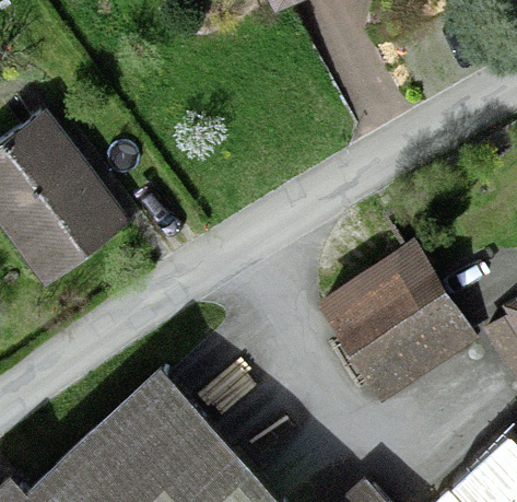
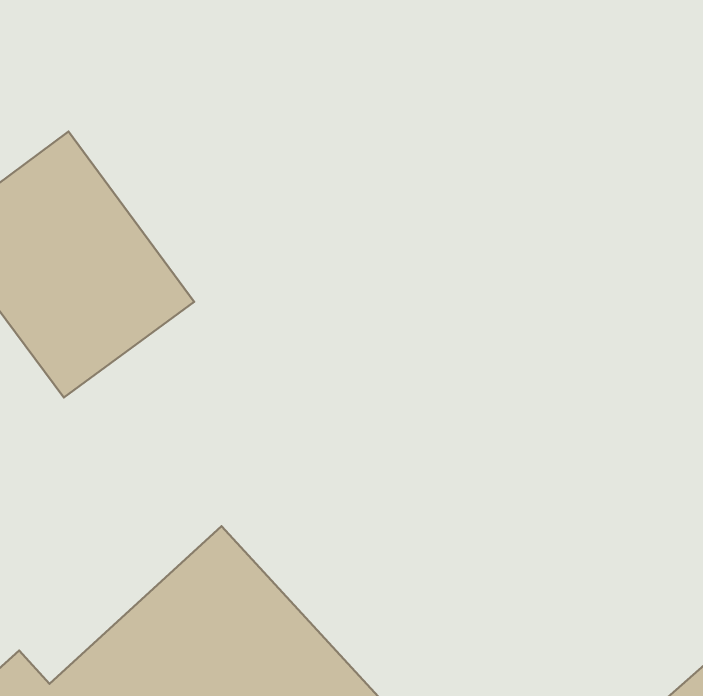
building: [314,258,467,415] -> none

